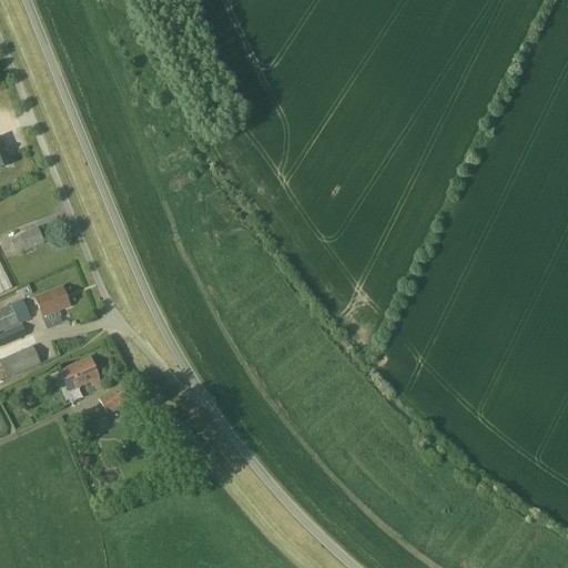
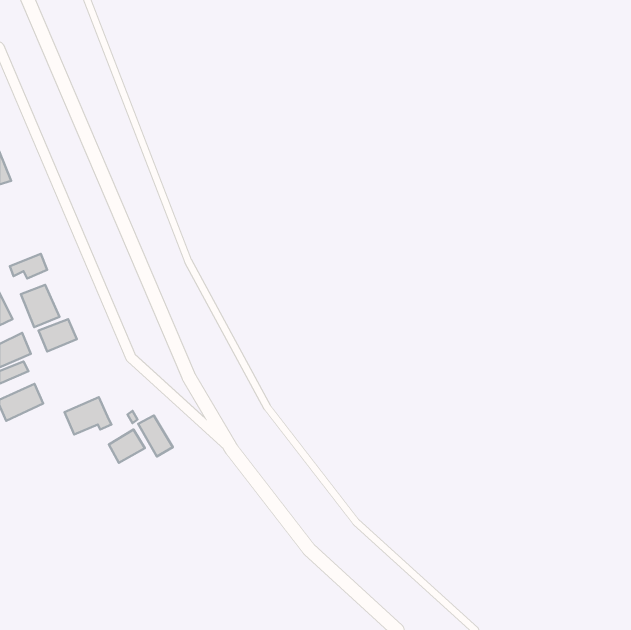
building: none -> [21,285,60,327]
building: none -> [138,415,173,456]

